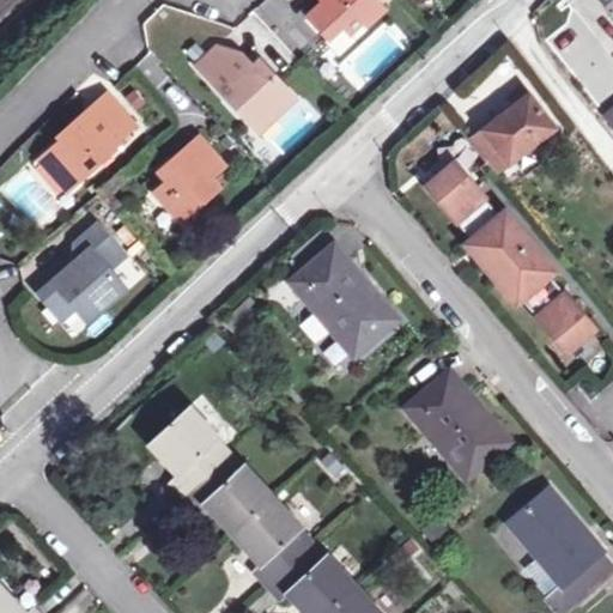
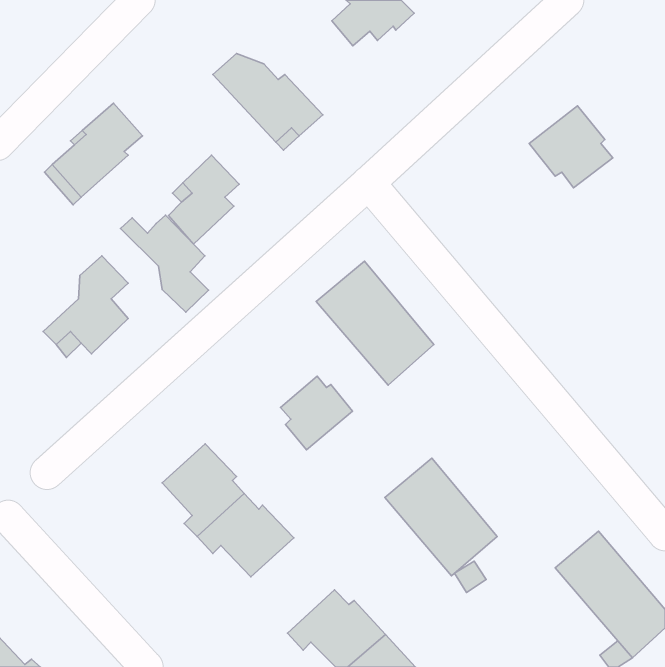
building: [425,160,591,348] -> none
building: none -> [121,215,208,312]
building: none -> [280,376,353,450]
building: [406,369,509,477] -> [385,458,497,576]
building: [230,493,306,581] -> none

